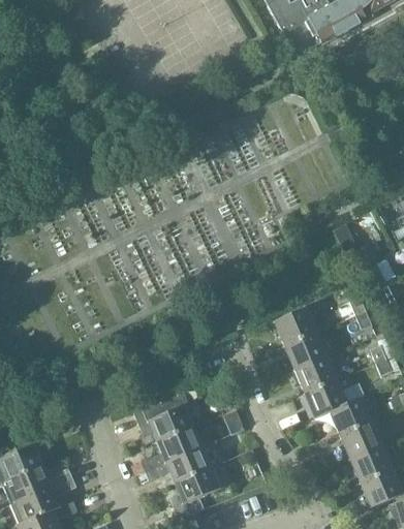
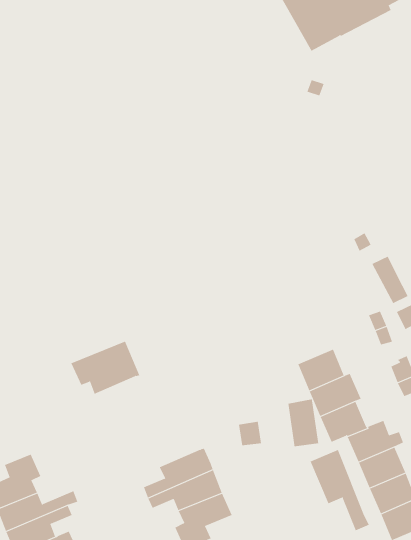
building: [273,308,316,346] -> none
building: none -> [288,399,319,447]
building: [133,392,197,441] -> [71,341,140,394]
building: none -> [310,449,370,531]

